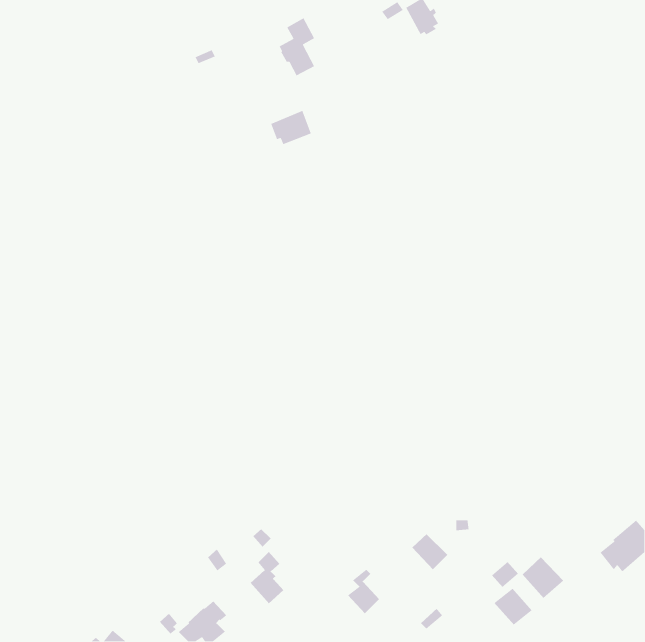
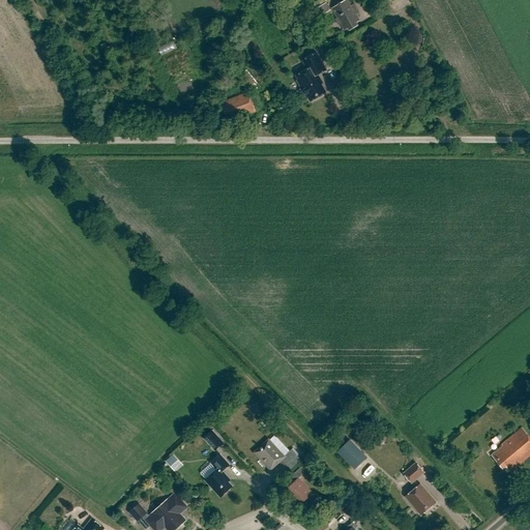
building: [279,17,315,76] -> [296,51,326,99]
building: none -> [255,438,301,468]
building: [522,557,564,599] -> none

